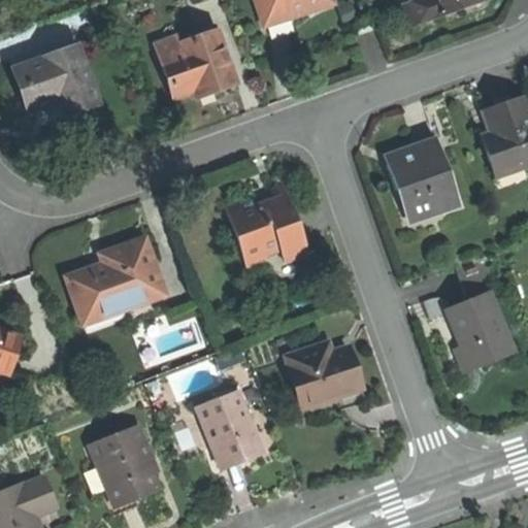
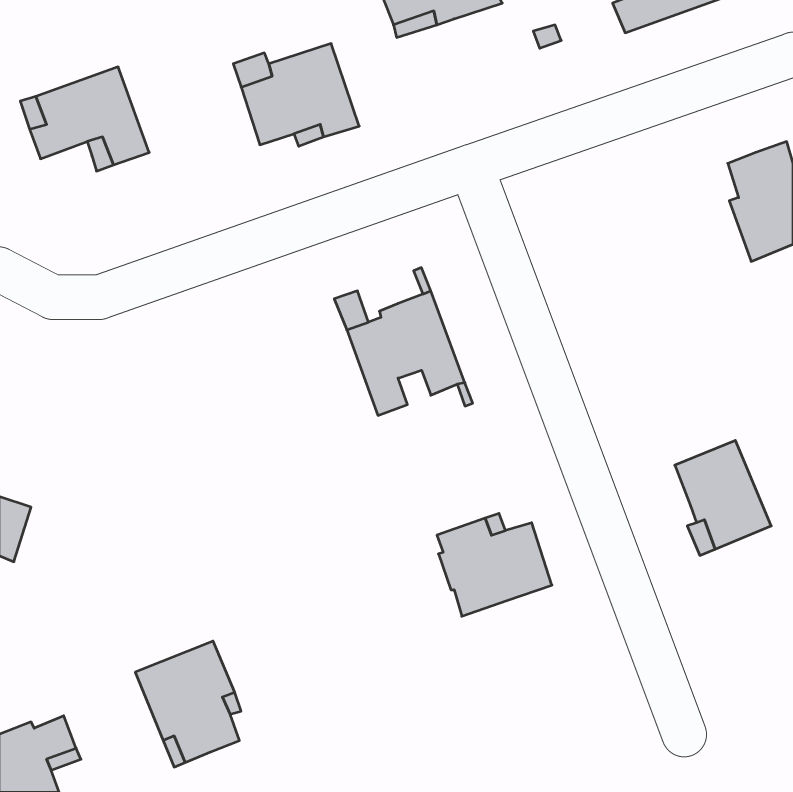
building: [386,136,460,212] -> none
building: [68,238,164,323] -> none
building: [199,392,262,465] -> none

